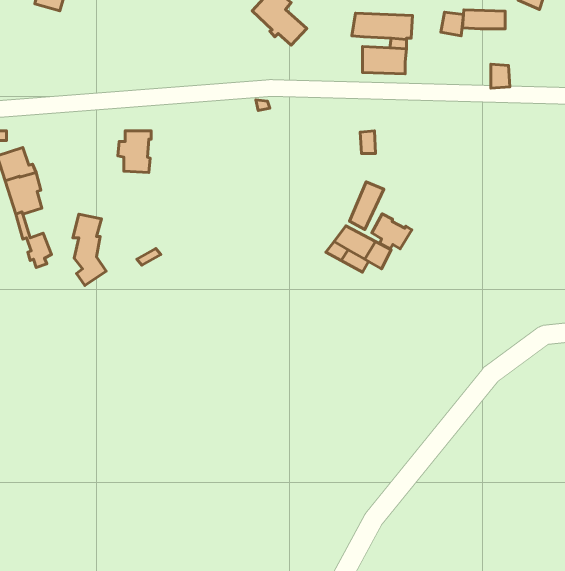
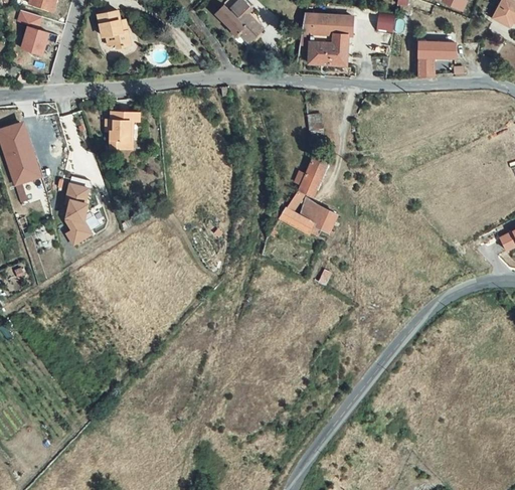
building: none -> [96,8,127,44]
building: [463,10,505,29] -> [418,41,455,57]
building: none -> [19,11,49,54]
building: [372,214,412,249] -> none

